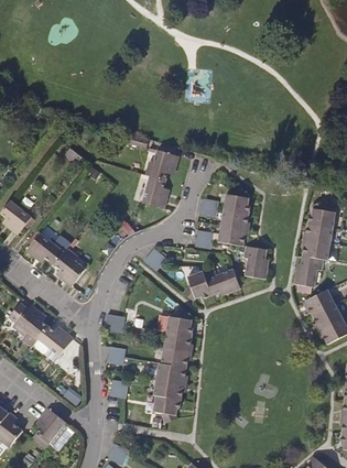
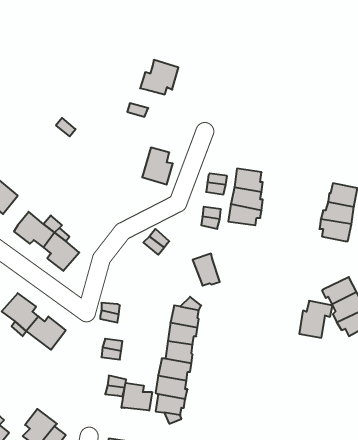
building: [143,149,177,179] -> [140,60,178,94]
building: [243,246,268,279] -> none
building: [293,254,323,287] -> [299,301,332,338]
building: [204,270,238,295] -> none
building: none -> [122,383,152,411]

